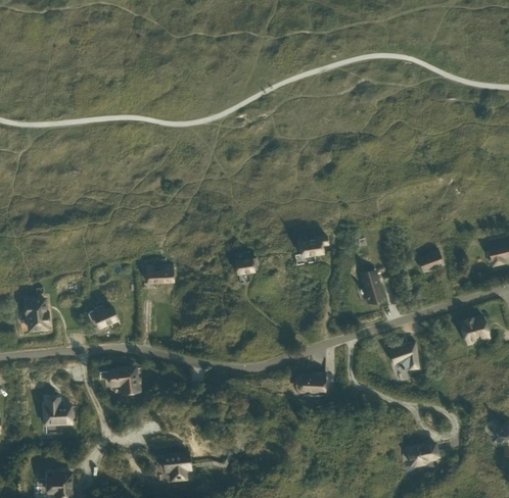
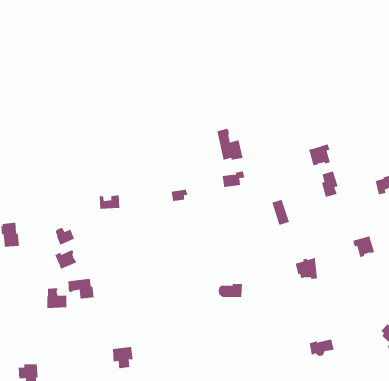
building: none -> [217,128,243,161]
building: none -> [309,144,331,166]
building: none -> [54,249,77,269]
building: [44,397,70,422] -> [46,288,67,308]

